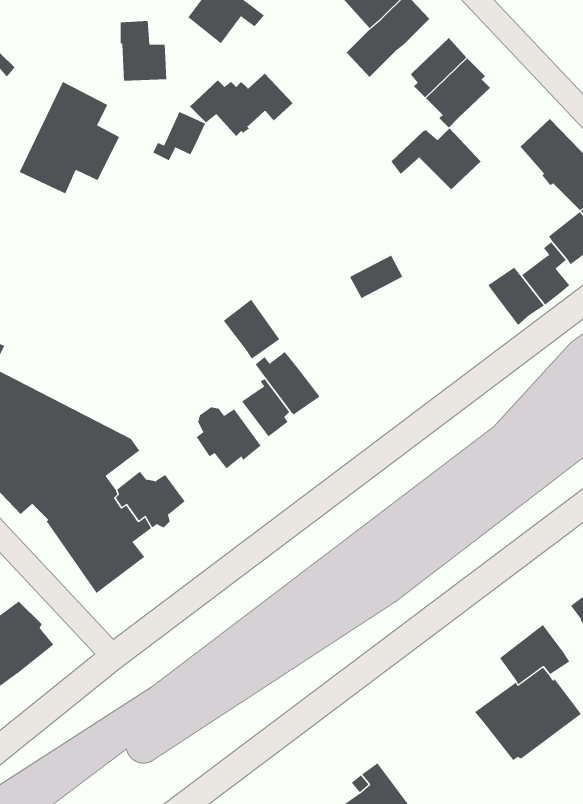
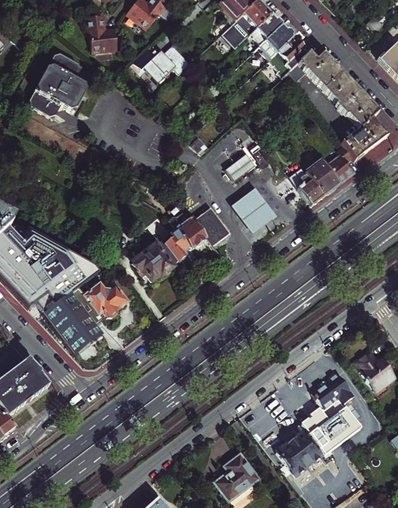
building: none -> [252,13,283,45]
building: [153,111,206,161] -> none
building: [390,128,481,190] -> [289,52,343,89]
building: none -> [298,174,324,204]
building: [223,299,280,359] -> [194,207,228,243]
building: none -> [232,187,276,232]
building: none -> [277,430,322,474]

